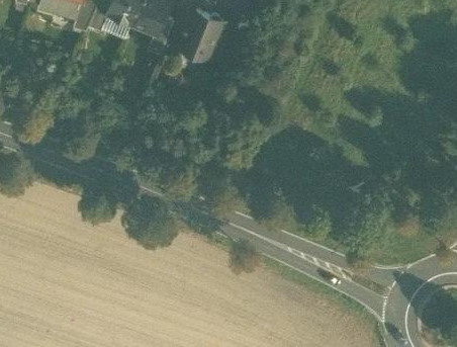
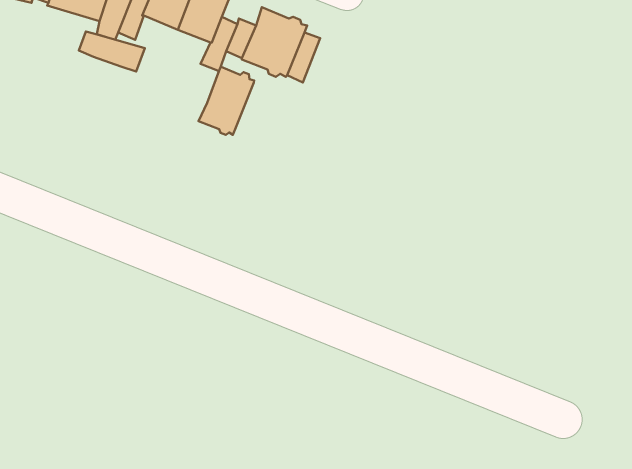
building: none -> [79,31,145,72]
building: none -> [198,67,254,135]

